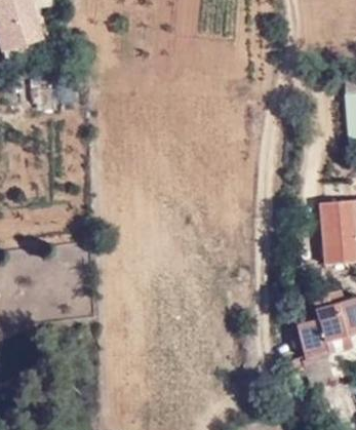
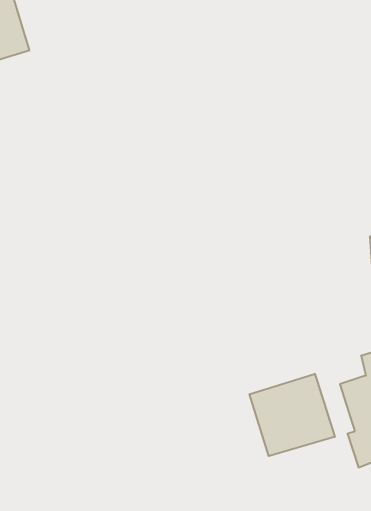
building: none -> [250,374,335,456]

